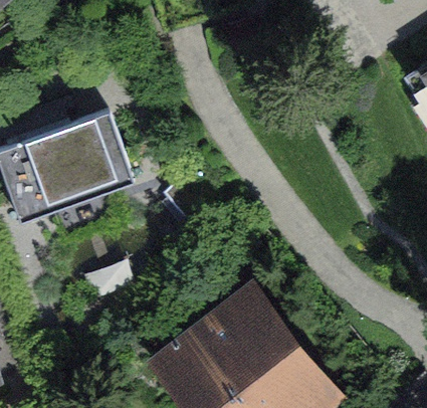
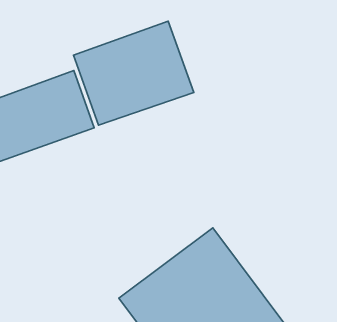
building: none -> [73,21,194,125]

